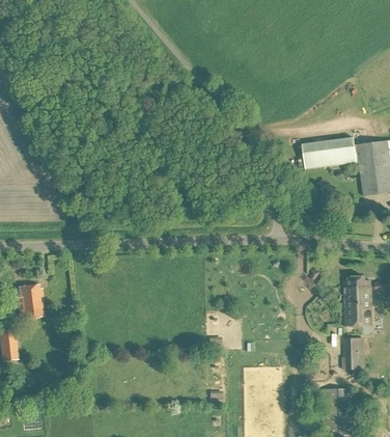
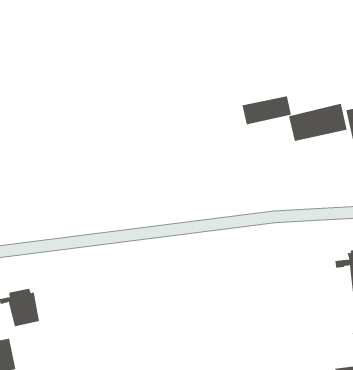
building: none -> [242,95,292,125]

